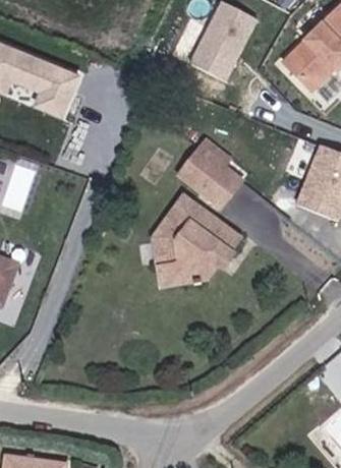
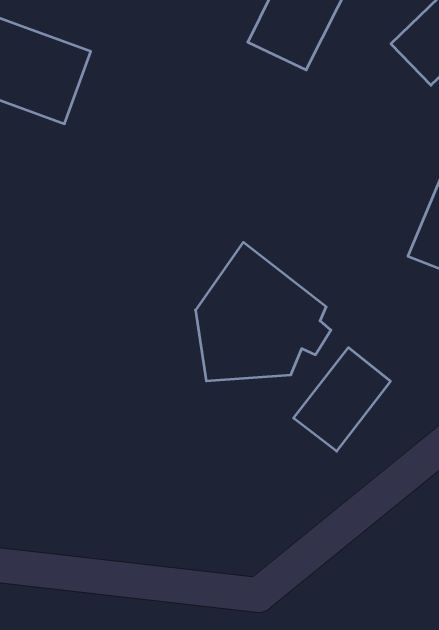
building: [178,138,242,207] -> none
building: none -> [294,348,390,451]

